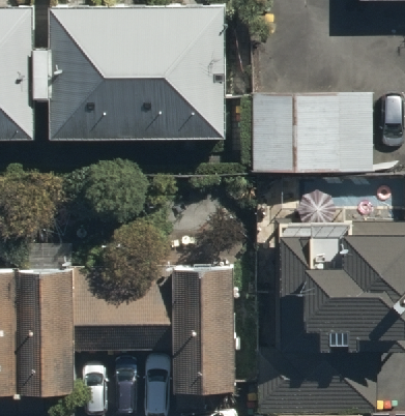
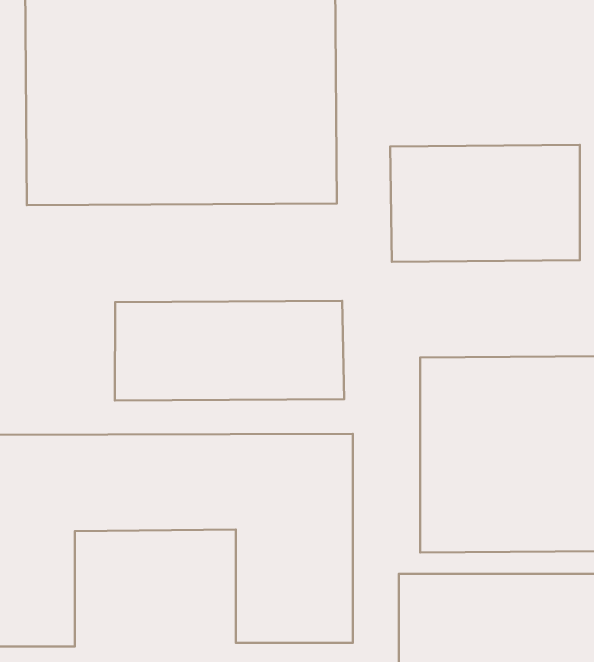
building: none -> [115,301,344,400]

